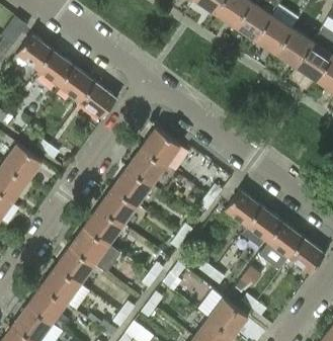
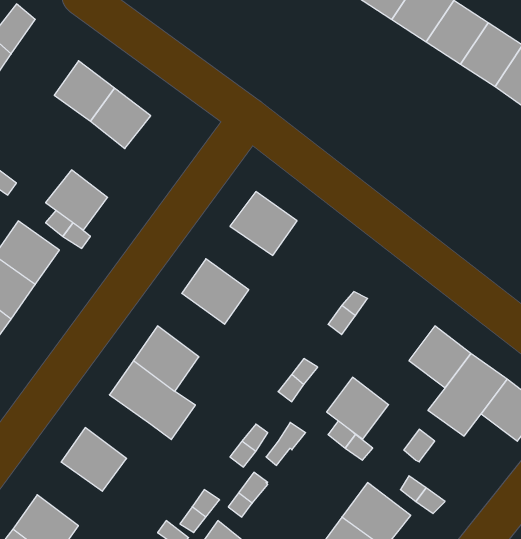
building: [15,34,52,71] -> none
building: [79,83,115,118] -> [46,170,108,230]
building: [127,148,166,185] -> none
building: [98,187,138,225] -> none
building: [225,190,261,227] -> [327,377,389,439]
building: [56,247,94,284] -> none
building: [27,286,66,324] -> none

